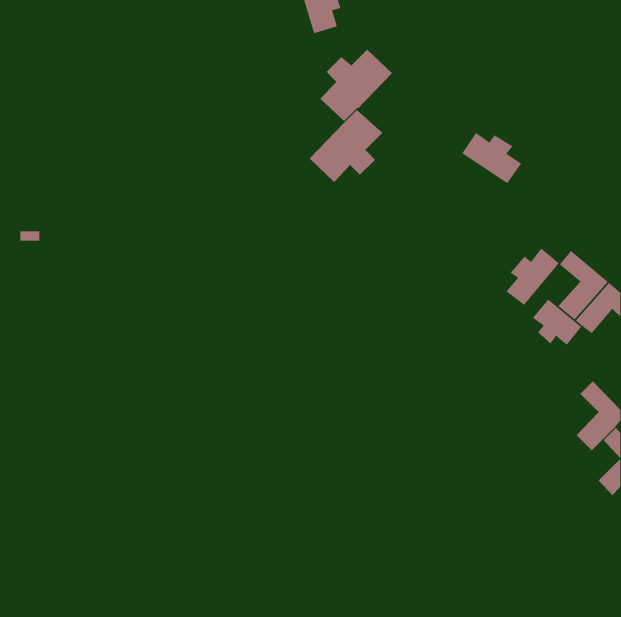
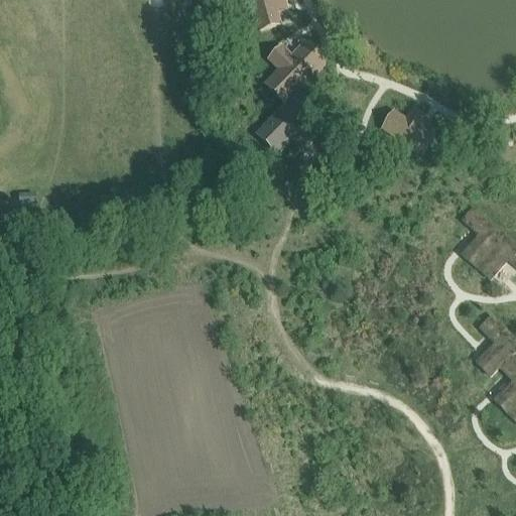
building: [506,248,560,306] -> none
building: [532,298,582,346] -> none

